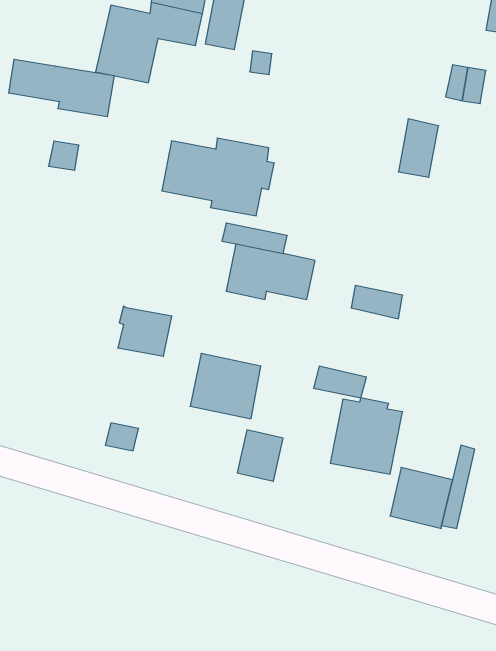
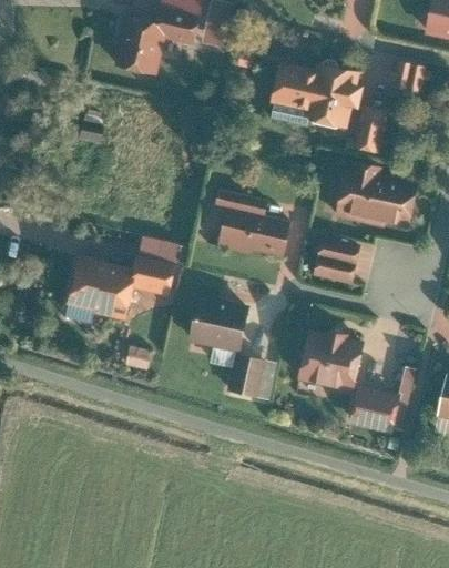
building: [9,59,114,117] -> none
building: [162,138,274,216] -> [275,62,365,124]
building: none -> [337,161,419,224]
building: none -> [140,239,180,264]
building: none -> [68,258,137,321]
building: [314,366,366,398] -> [315,257,357,283]

